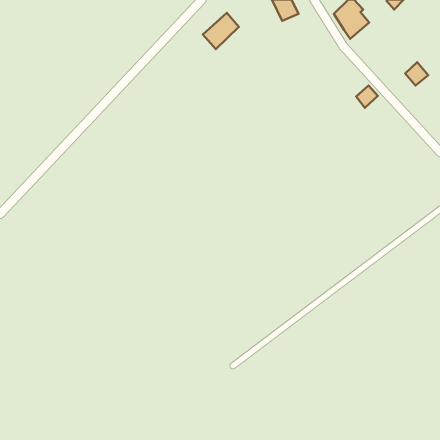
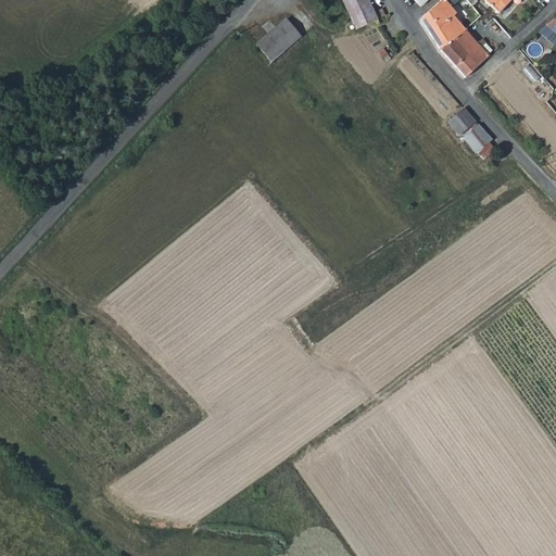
building: none -> [442,28,490,76]
building: [405,62,428,86] -> [464,123,493,152]

